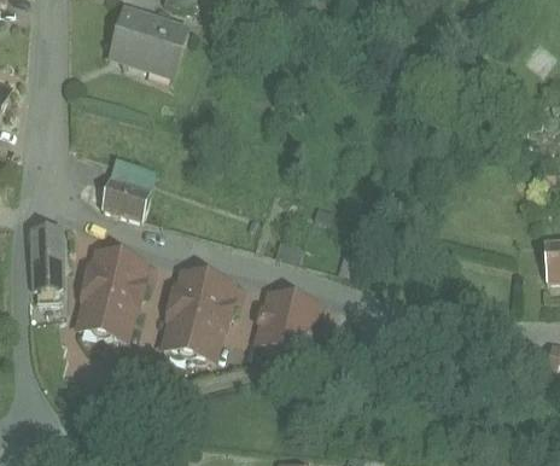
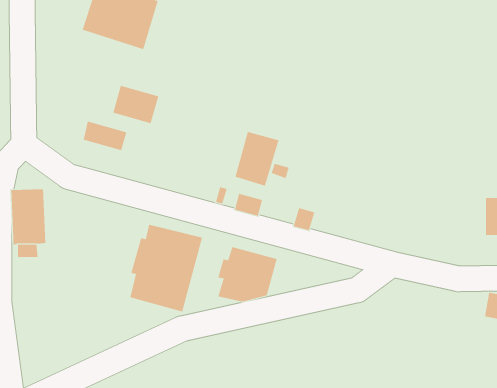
building: none -> [235,131,279,186]
building: [99,175,150,217] -> [112,85,159,124]
building: [74,246,150,340] -> none

